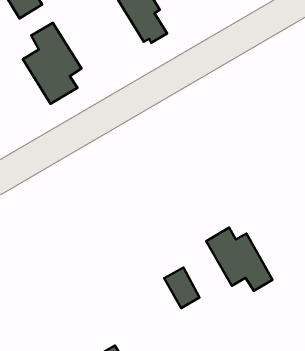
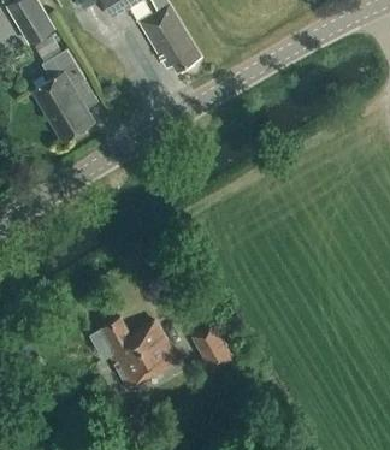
building: [206,228,272,291] -> none
building: none -> [91,319,177,389]

